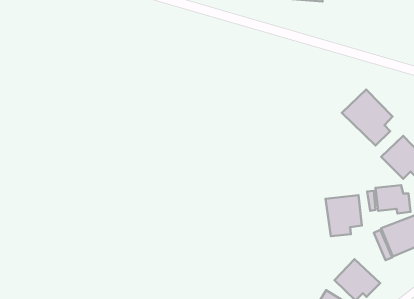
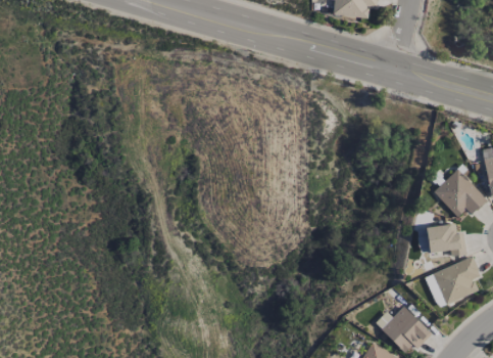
building: [342,89,392,146] -> none
building: [325,195,362,236] -> none

